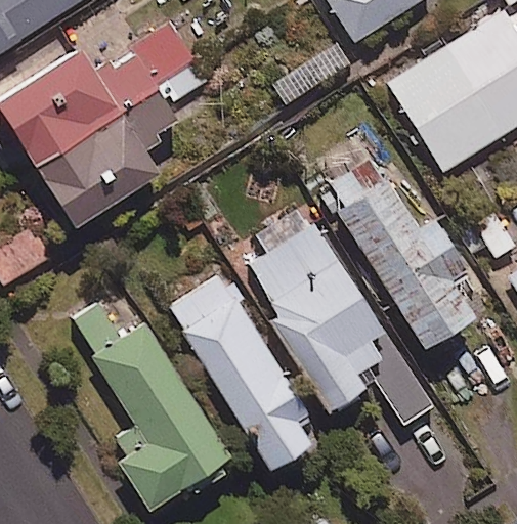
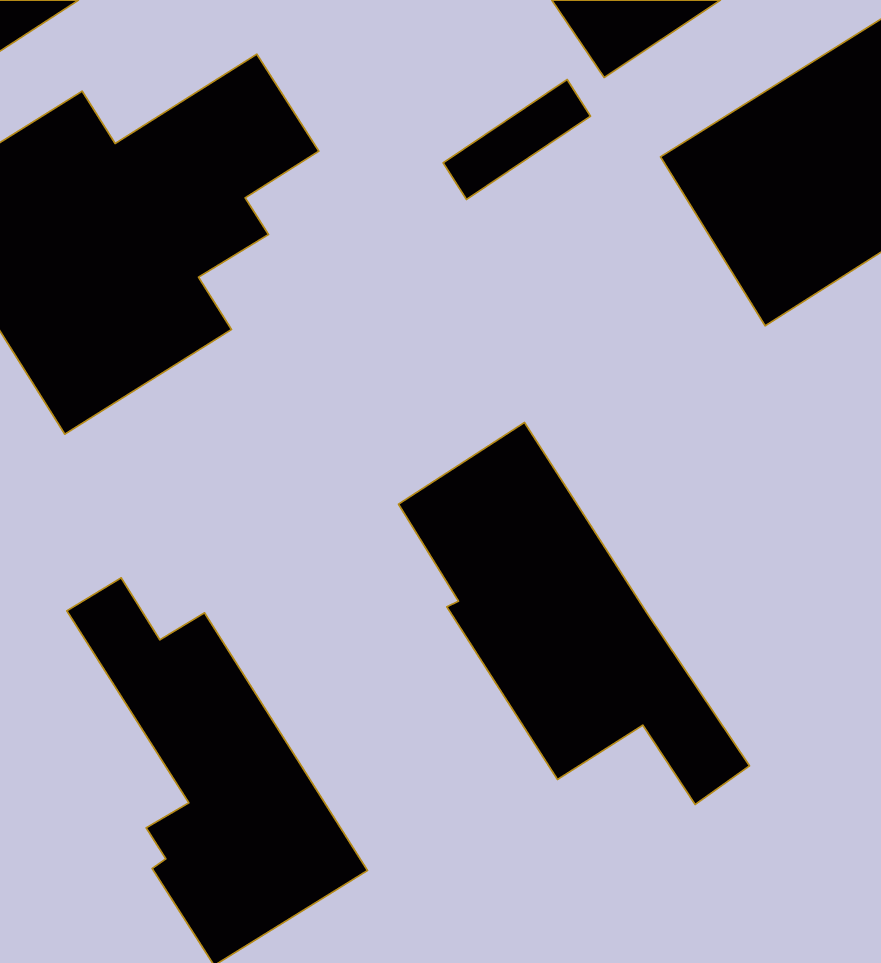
building: [317,155,477,350] -> none
building: [168,274,314,471] -> none

